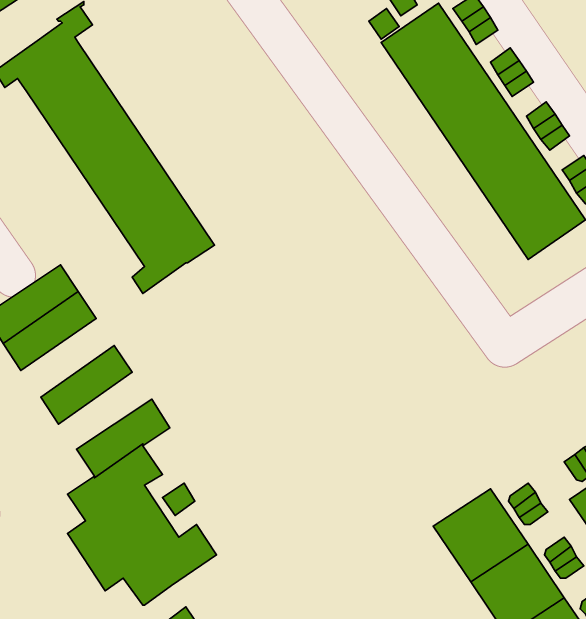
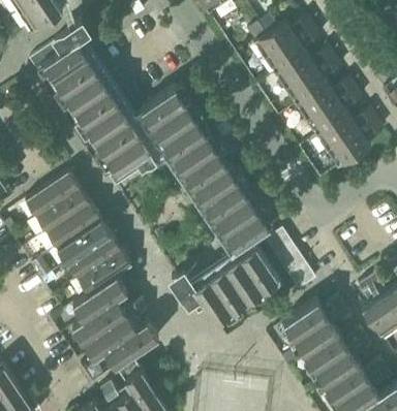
building: none -> [141,89,269,252]
building: none -> [44,204,98,250]
building: none -> [265,231,315,292]
building: none -> [66,235,120,280]
building: none -> [171,248,278,323]

